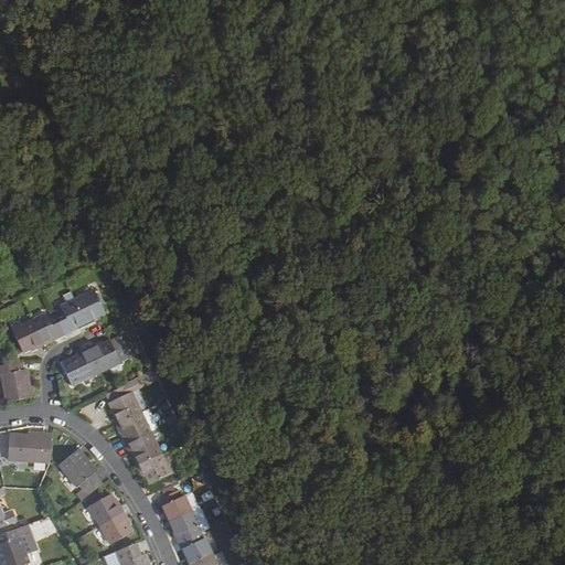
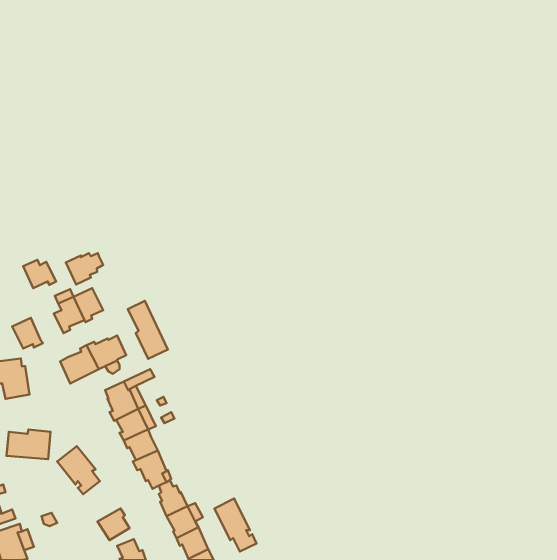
building: none -> [66,253,103,284]
building: none -> [128,301,168,359]
building: [31,313,64,342] -> [23,260,56,288]
building: [87,494,121,525] -> none
building: none -> [215,498,256,552]

